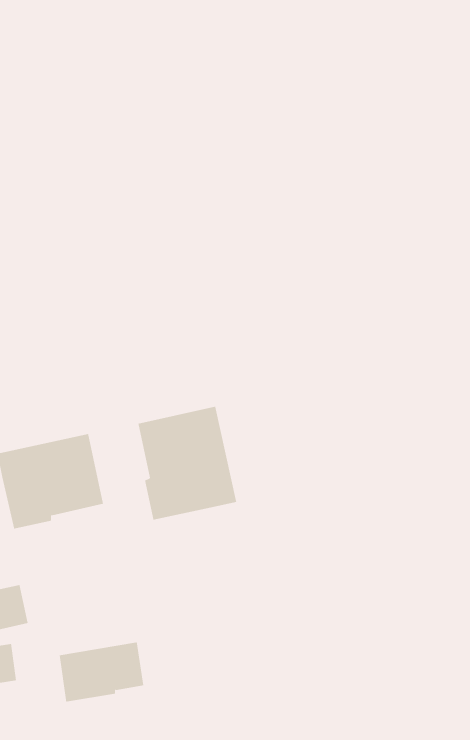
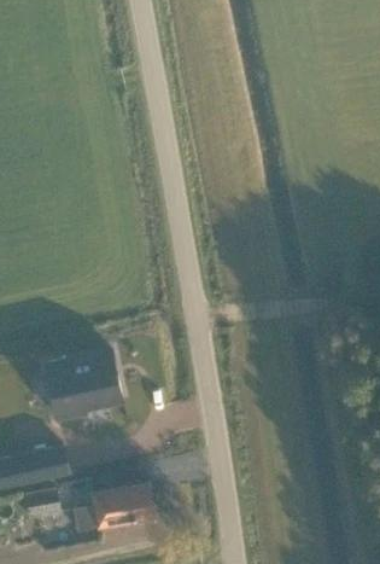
building: [138,406,237,520] -> none

